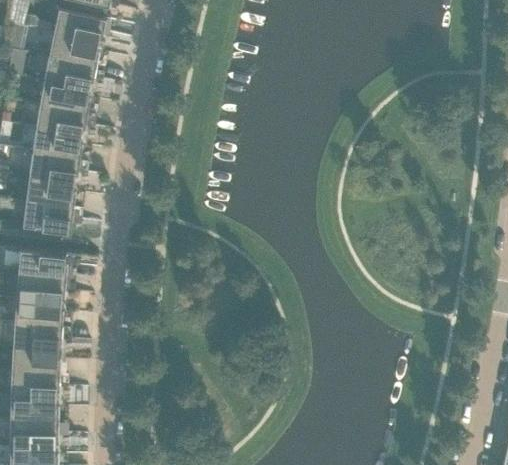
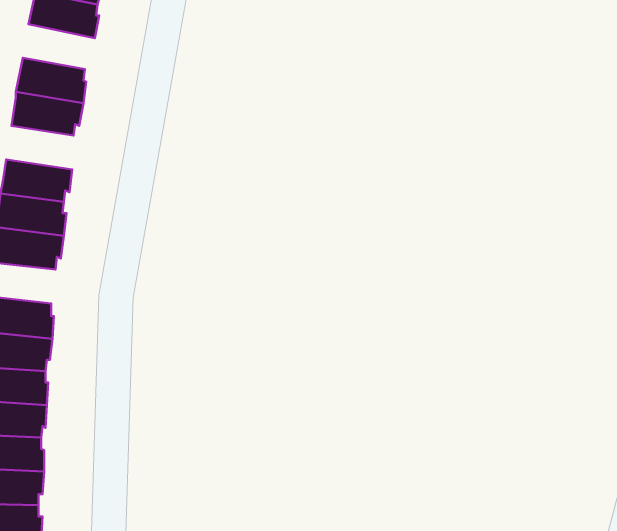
building: [43,60,94,92] -> none
building: [31,132,80,163] -> none

